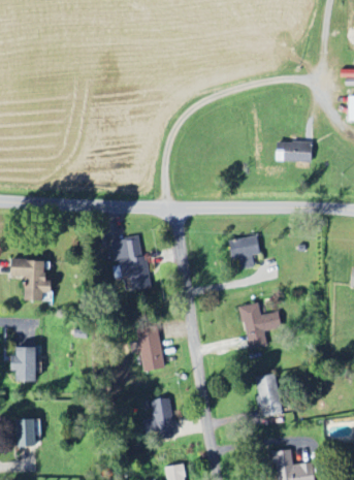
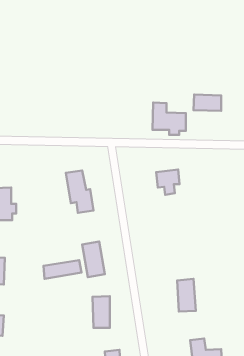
building: none -> [152,102,186,135]
building: [240,302,280,348] -> none
building: none -> [43,260,81,279]

